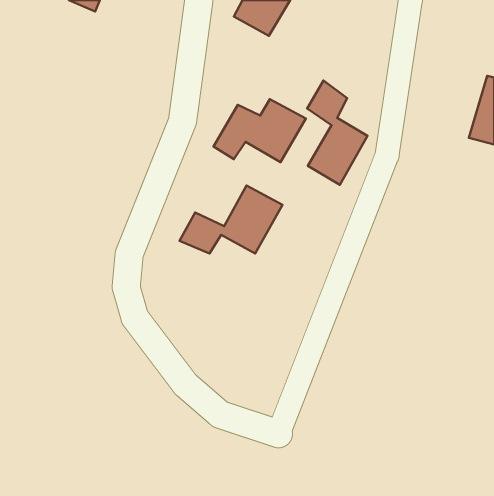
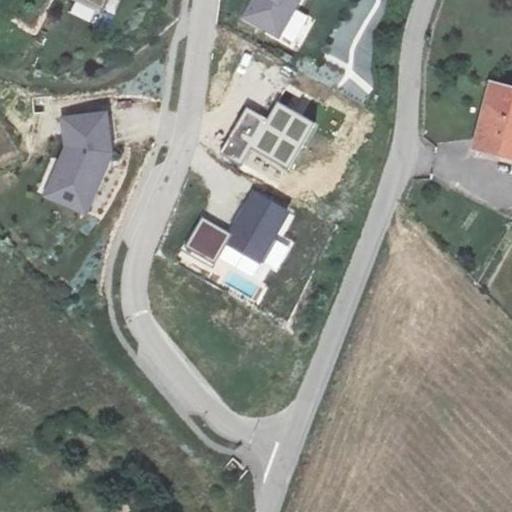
building: [307,80,368,185] -> none
building: none -> [41,111,113,216]

